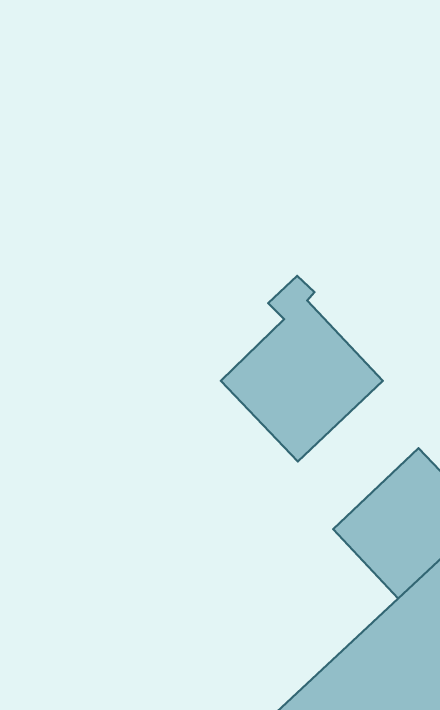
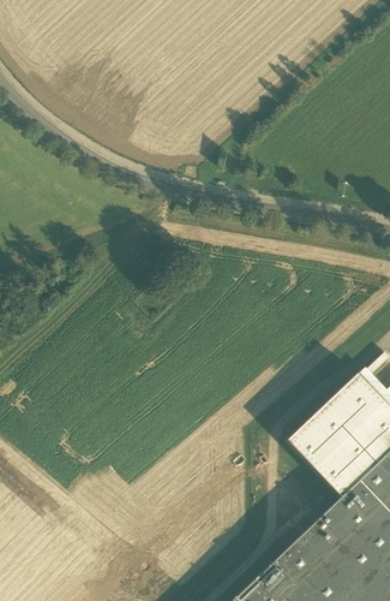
building: [221,276,383,461] -> none

